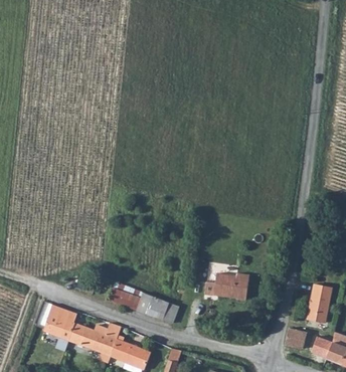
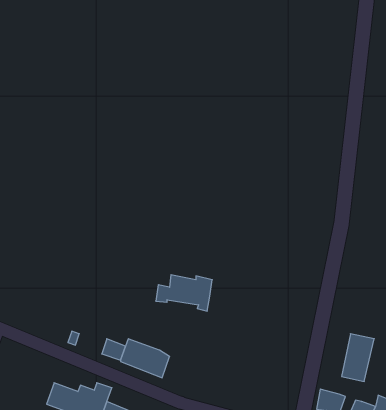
building: [204,270,249,300] -> [156,275,212,311]
building: [44,307,76,340] -> none

